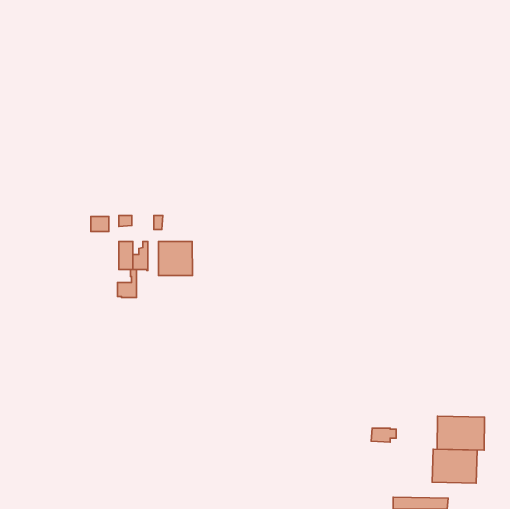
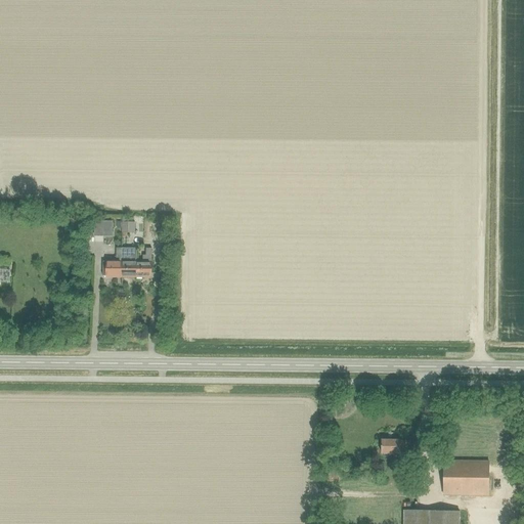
building: [158,242,193,275] -> none
building: [118,269,137,297] -> [102,248,122,276]
building: [437,416,485,450] -> none

